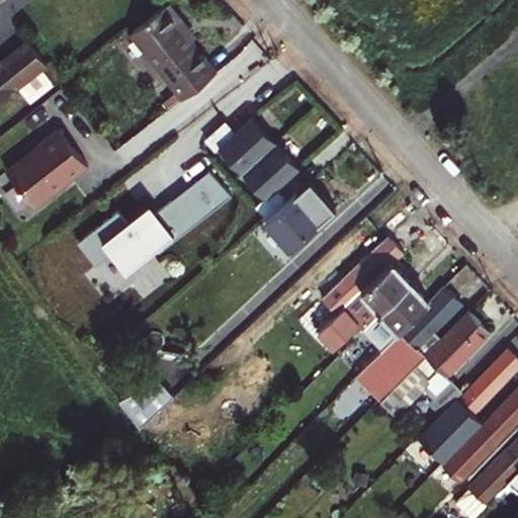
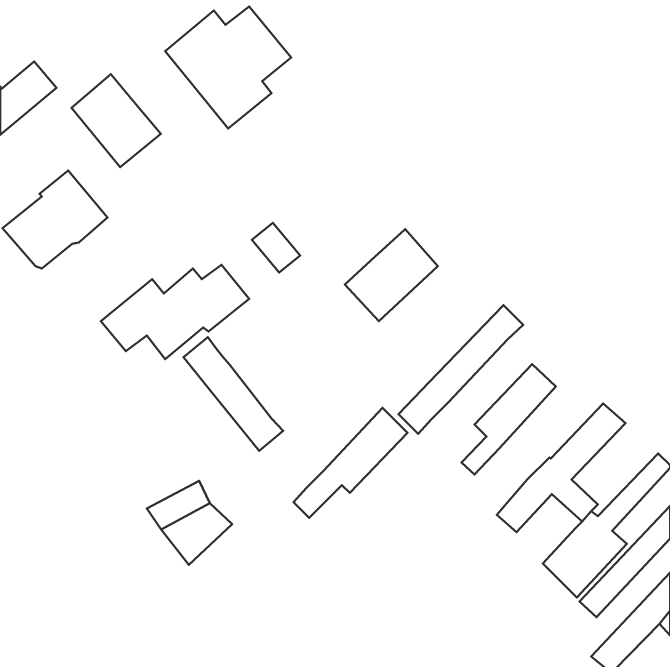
building: none -> [72,74,161,167]
building: [220,116,301,222] -> none
building: [171,187,215,233] -> none
building: none -> [184,337,283,451]
building: [323,264,411,349] -> [293,408,408,518]
building: [359,290,455,400] -> none

